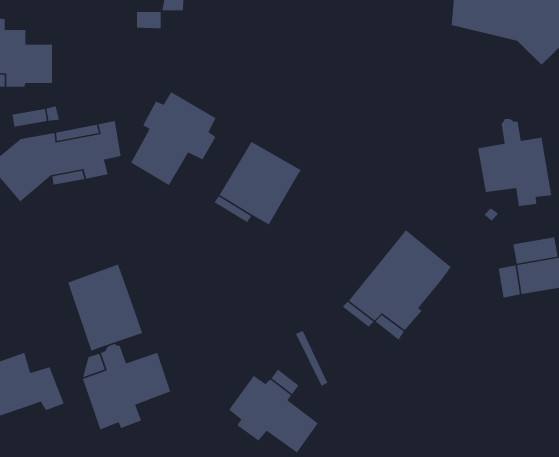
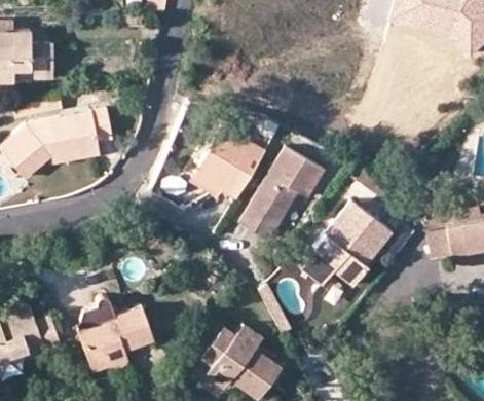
building: [130,91,217,186] -> none
building: [477,118,552,207] -> none
building: none -> [239,147,325,240]
building: [67,264,143,352] -> none

